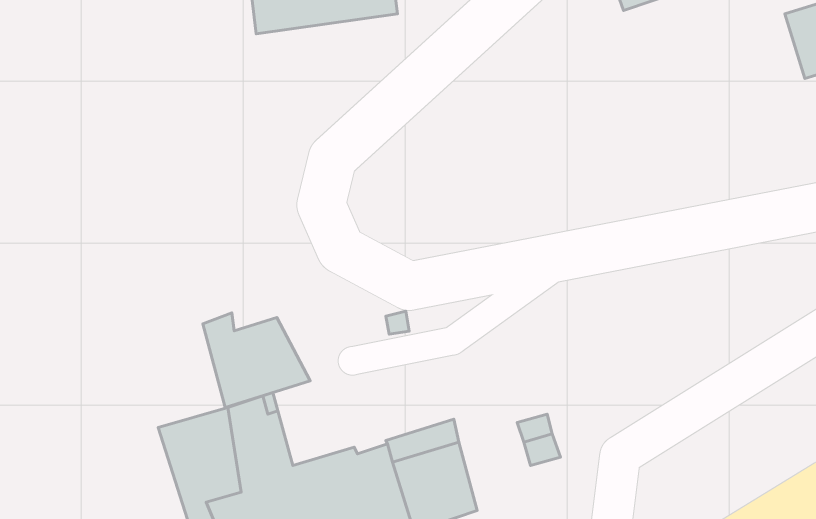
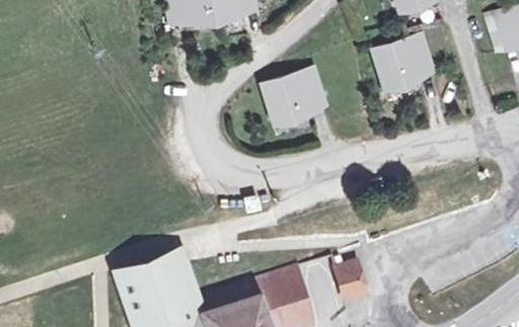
building: none -> [373,42,435,93]
building: none -> [261,74,325,125]
building: [203,313,310,407] -> none

